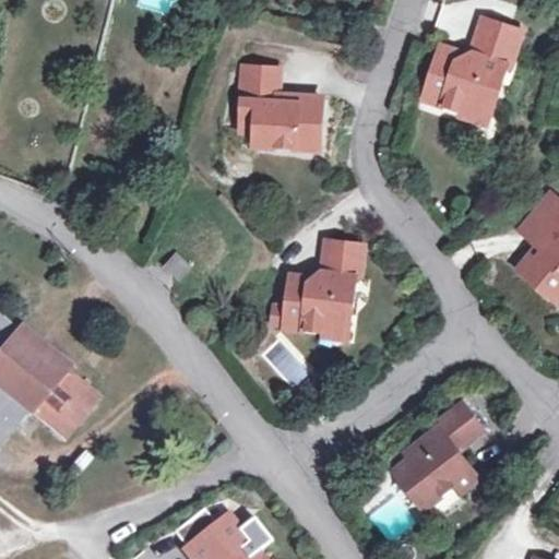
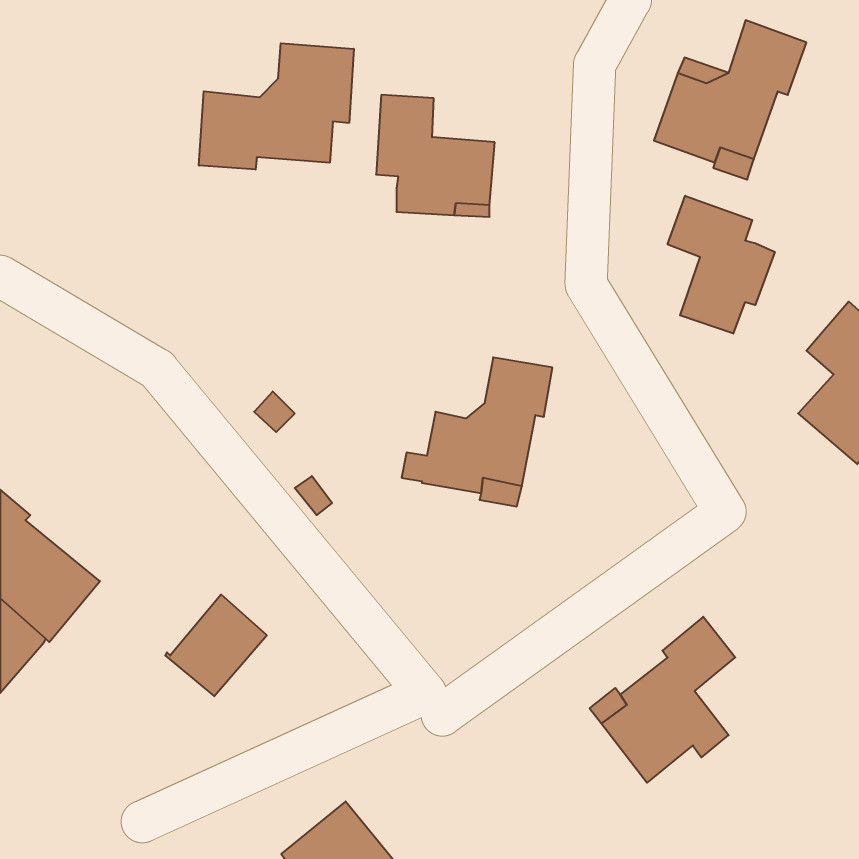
building: none -> [199,43,354,170]
building: none -> [668,196,775,334]
building: [33,379,98,444] -> [165,595,267,696]

